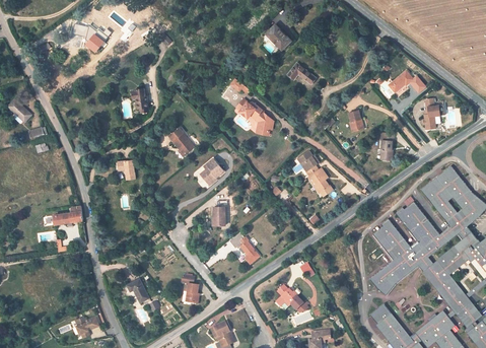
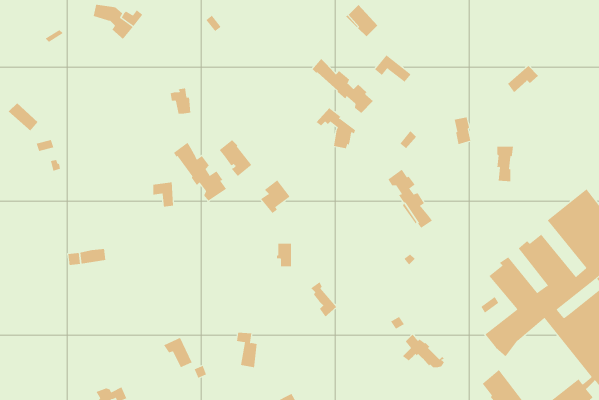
building: none -> [312,58,374,114]
building: [422,98,444,130] -> none
building: none -> [173,142,227,201]
building: [275,285,307,311] -> [402,333,445,368]

